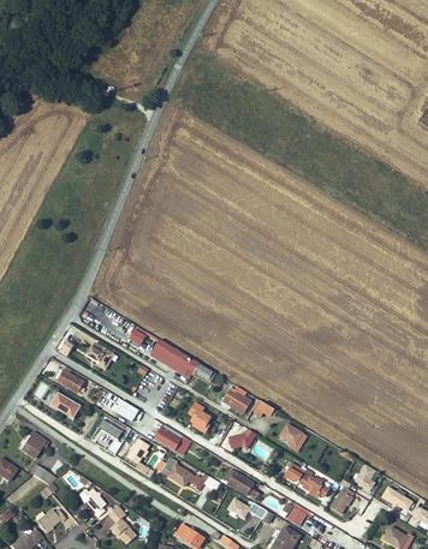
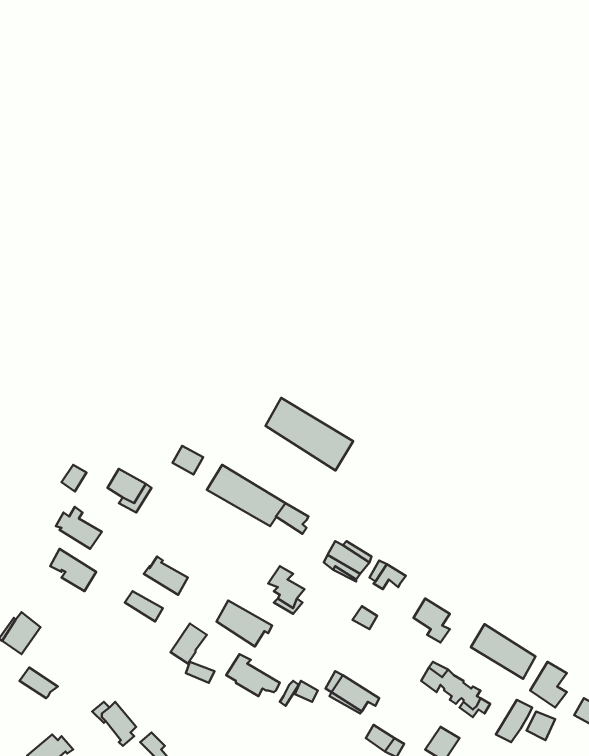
building: none -> [266,398,353,471]
building: none -> [471,624,536,679]

